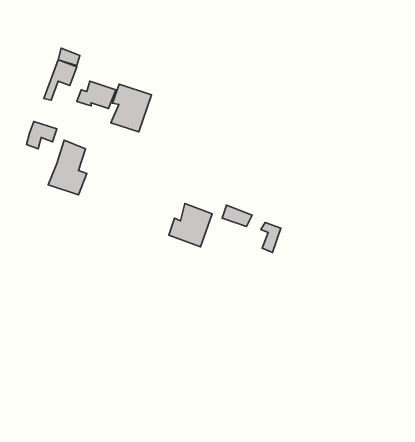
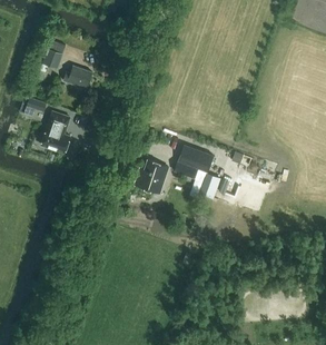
building: [111,84,152,132] -> none
building: none -> [179,145,214,171]

